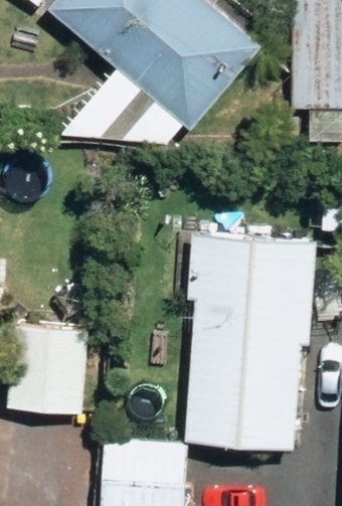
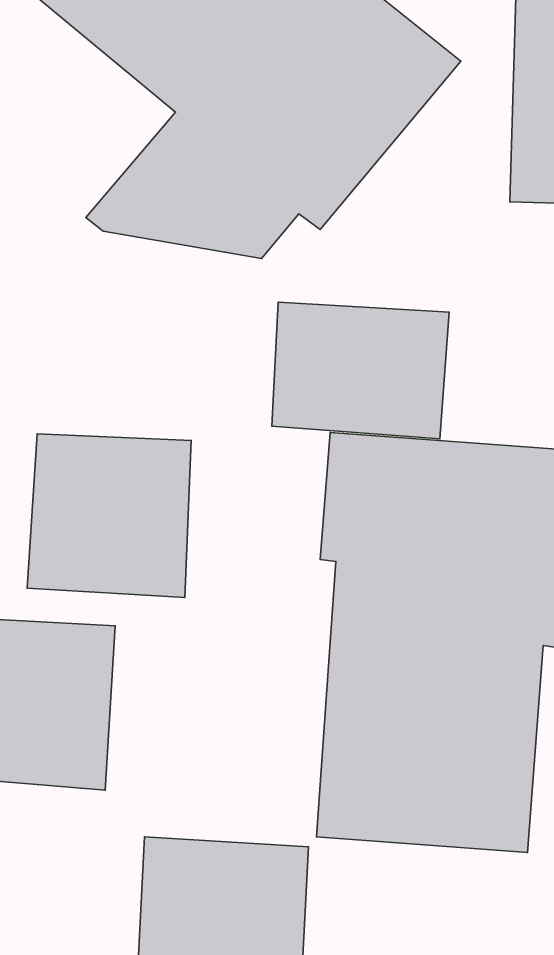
building: none -> [272,302,449,439]
building: none -> [27,434,191,598]

